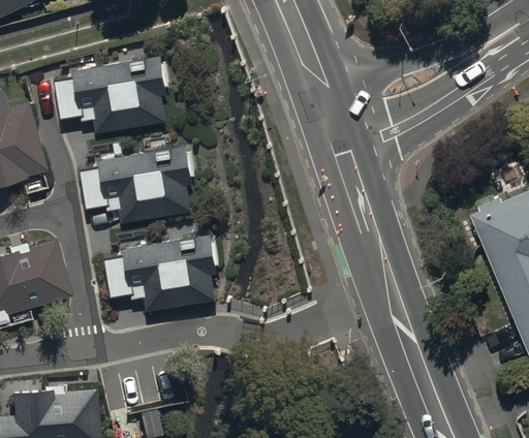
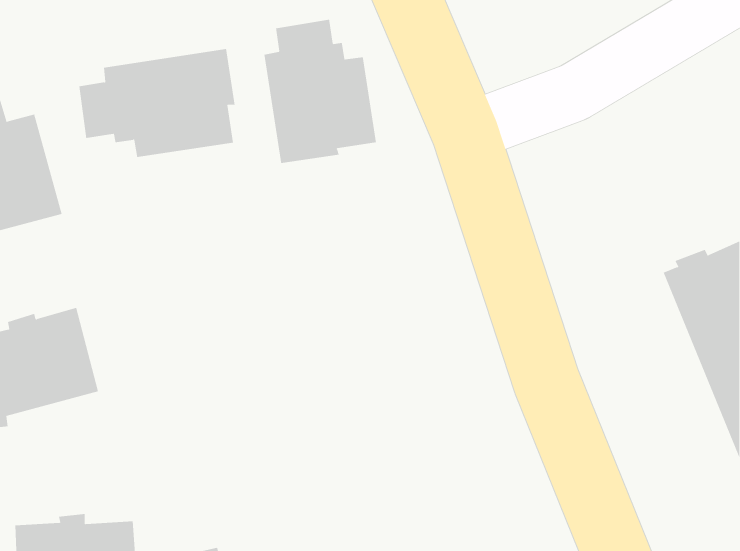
building: none -> [264,19,377,164]
building: [82,145,194,222] -> none
building: [106,233,218,311] -> none

